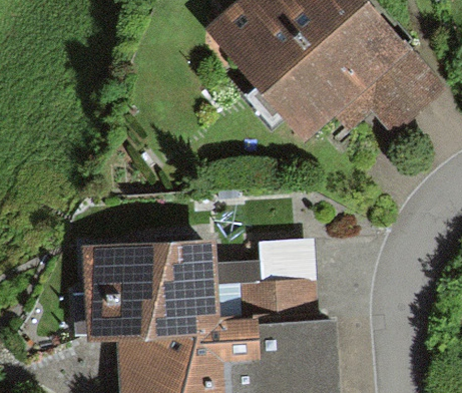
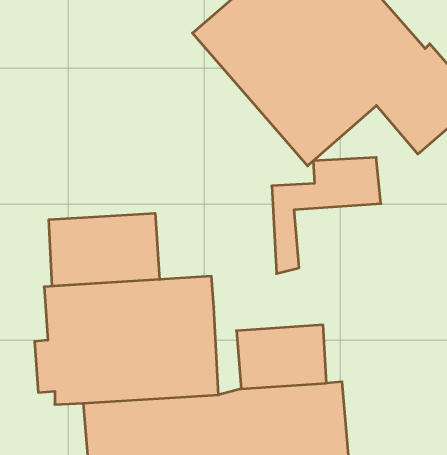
building: none -> [49,213,160,286]
building: [223,237,316,335] -> [272,157,381,274]

